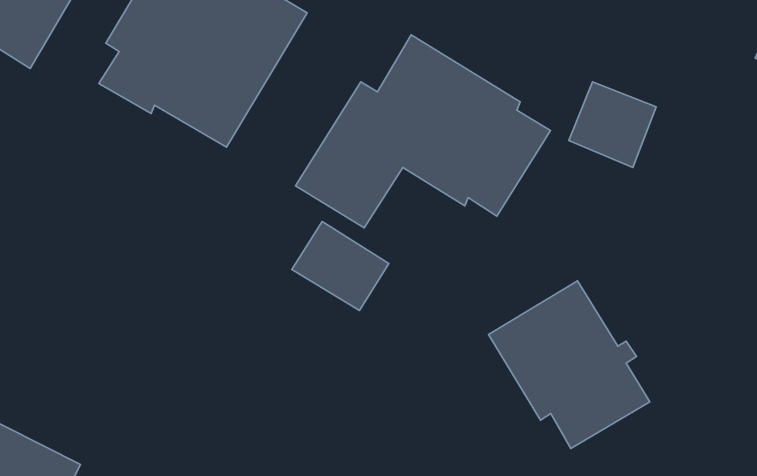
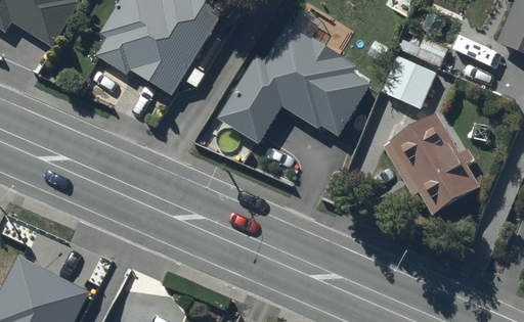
building: [292,222,389,311] -> none
building: [489,281,650,449] -> [383,112,481,215]

